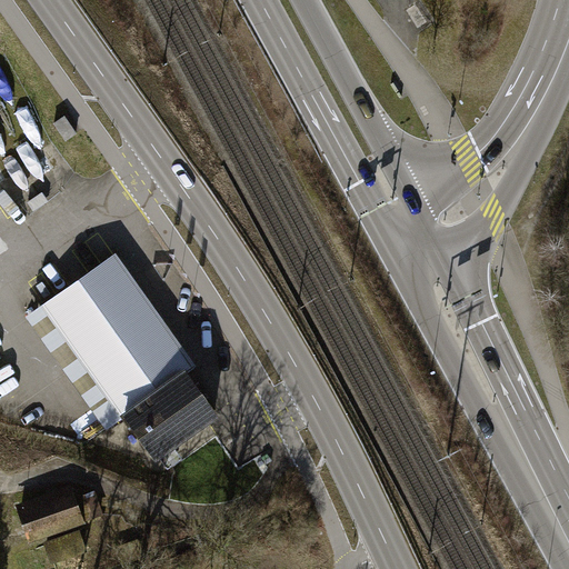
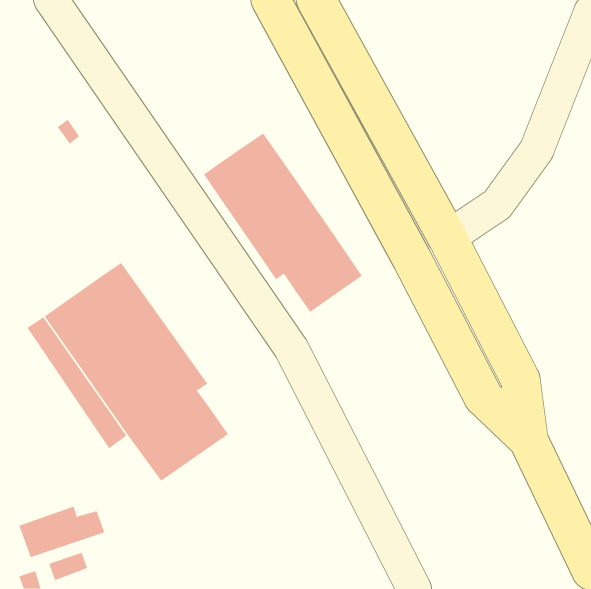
building: none -> [203,132,363,313]

